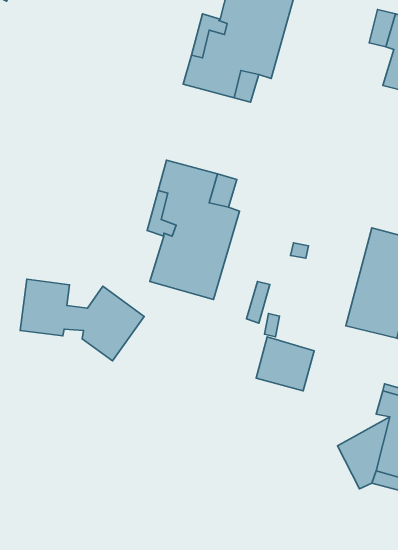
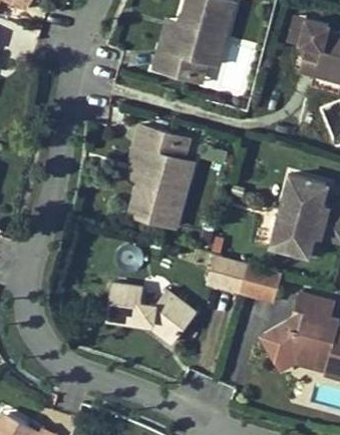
building: [20,279,144,361] -> [105,284,196,343]
building: none -> [240,264,282,302]

